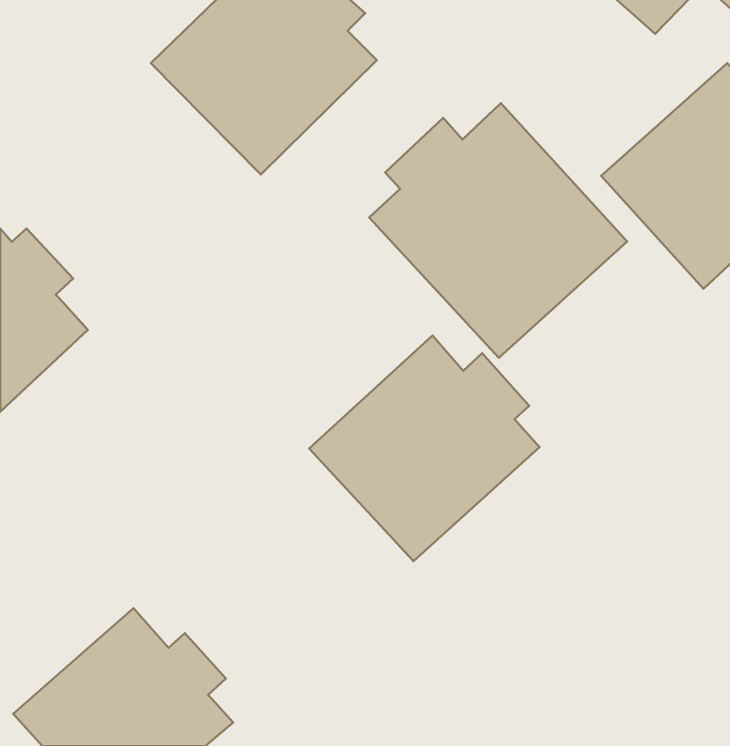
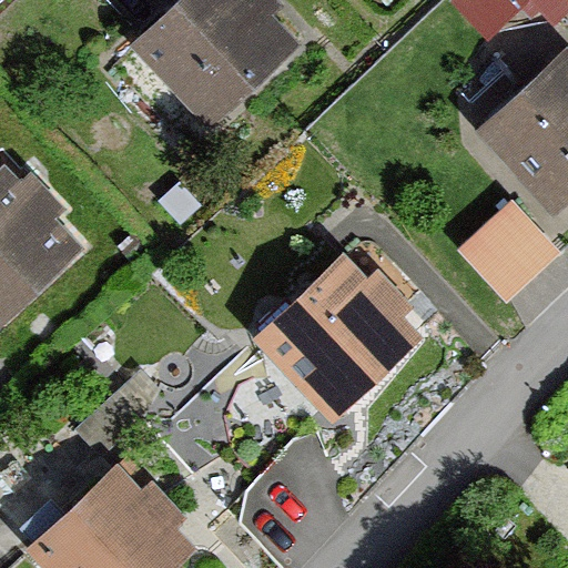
building: [369,103,627,358] -> none
building: none -> [463,209,557,303]

